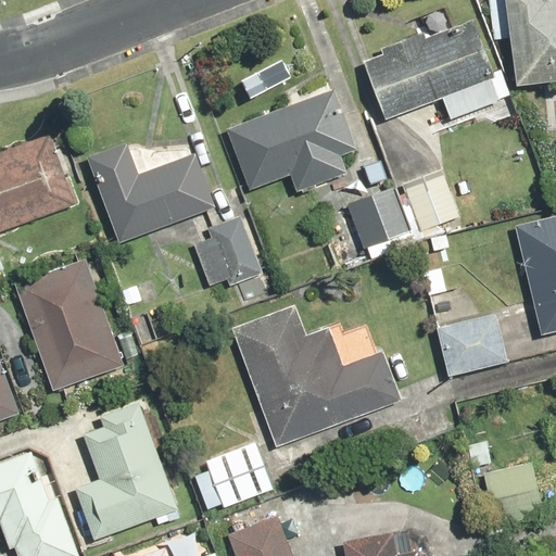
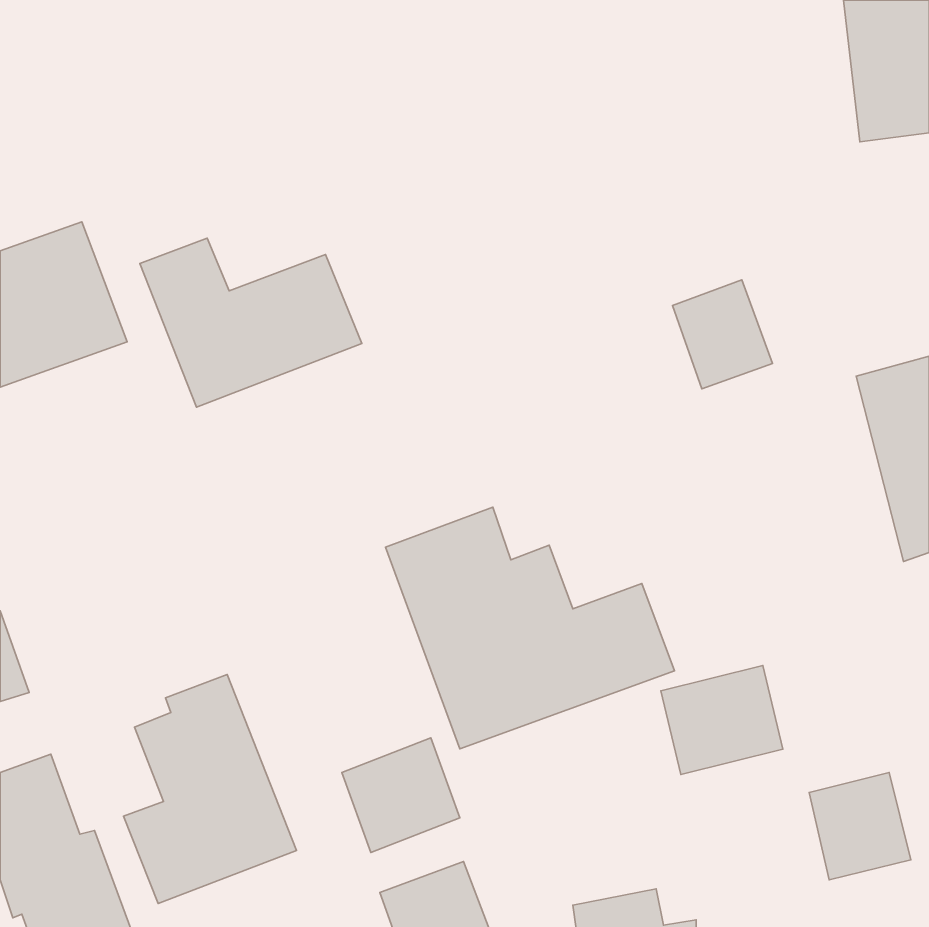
building: [362,20,494,119] -> none
building: [225,87,356,193] -> none
building: [345,187,409,250] -> none
building: [193,216,263,288] -> none
building: [14,257,125,391] -> none
building: [434,313,507,378] -> [661,665,783,775]

